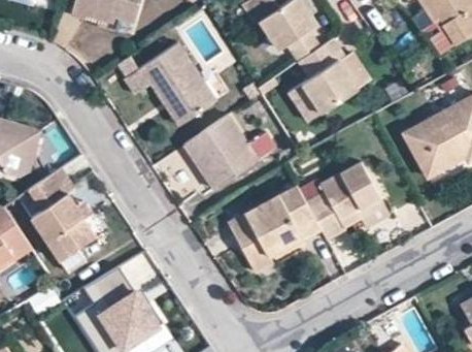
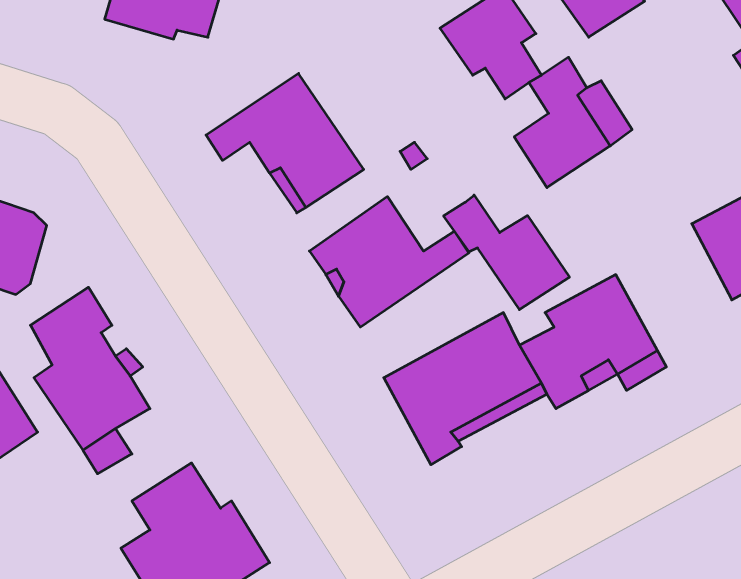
building: none -> [444,195,569,310]

